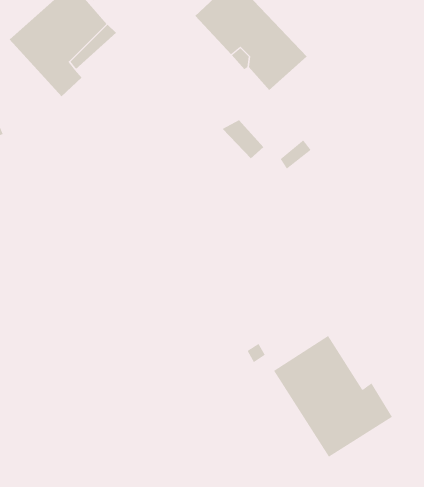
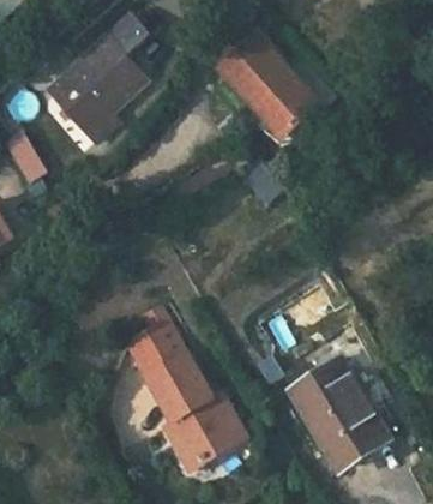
building: none -> [122,320,245,467]

